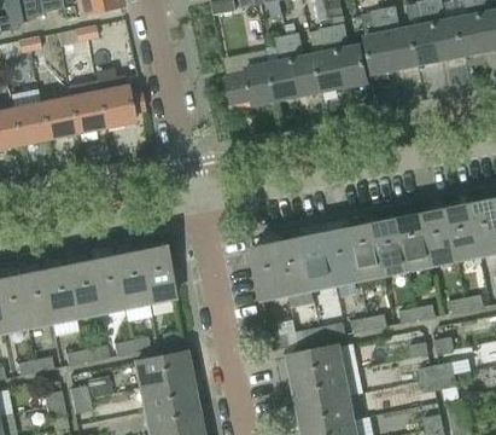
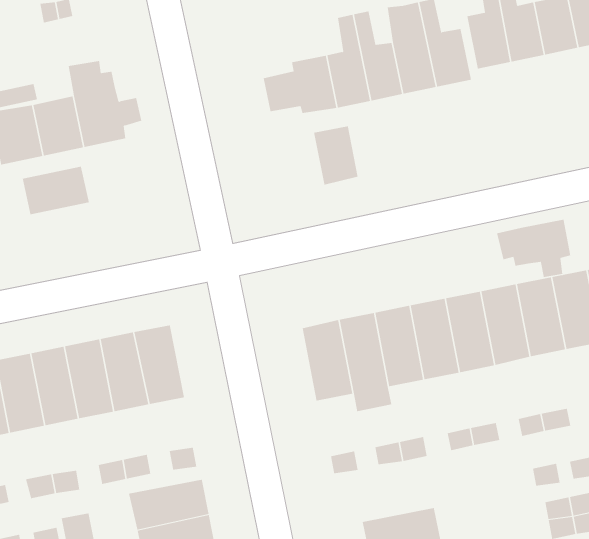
building: none -> [314,126,358,185]
building: none -> [22,166,89,215]
building: none -> [497,219,571,278]
building: [290,346,344,381] -> none

